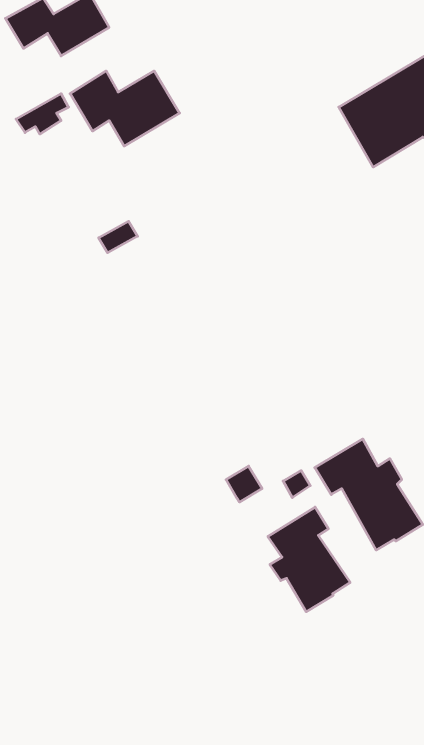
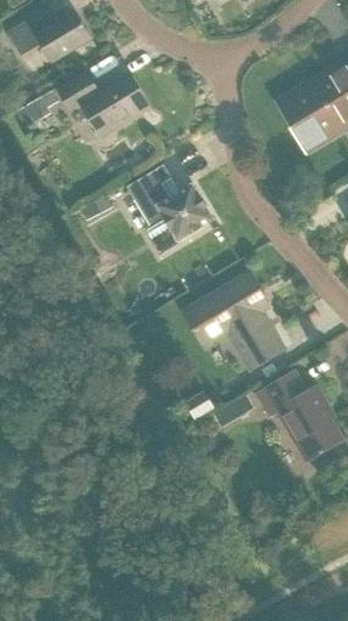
building: none -> [126,163,213,250]
building: none -> [184,273,281,365]
building: [268,507,350,612] -> none

